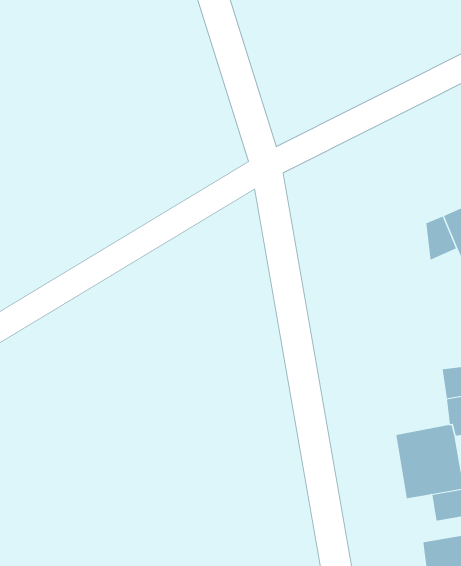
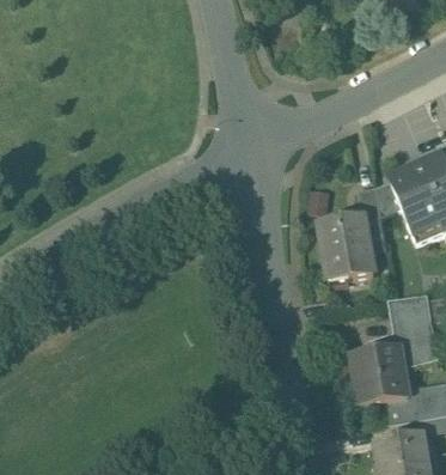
building: none -> [318,214,374,276]

